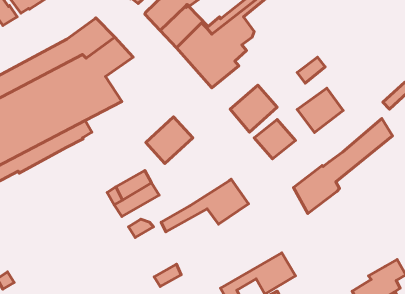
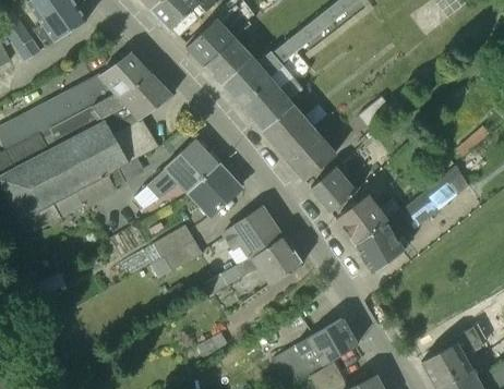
building: none -> [262,104,314,155]
building: [297,88,343,132] -> [335,194,387,244]
building: none -> [134,139,218,218]
building: none -> [220,207,281,265]

